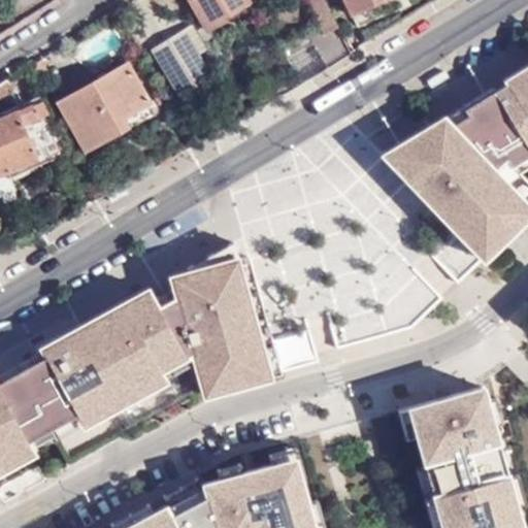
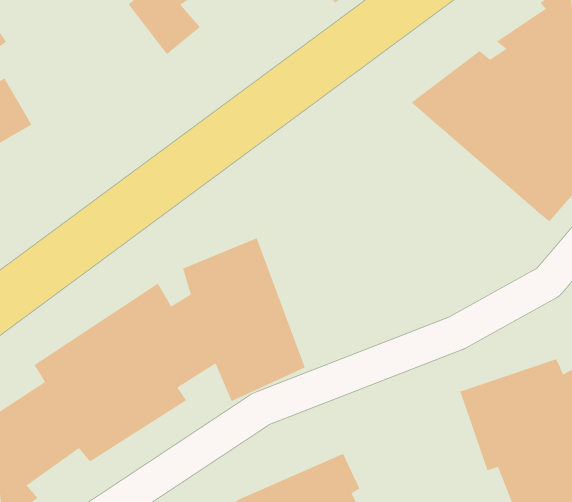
building: [57,64,156,153] -> none

